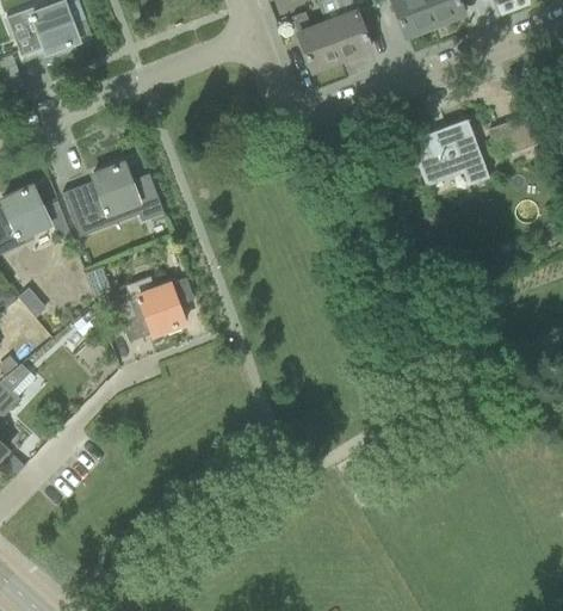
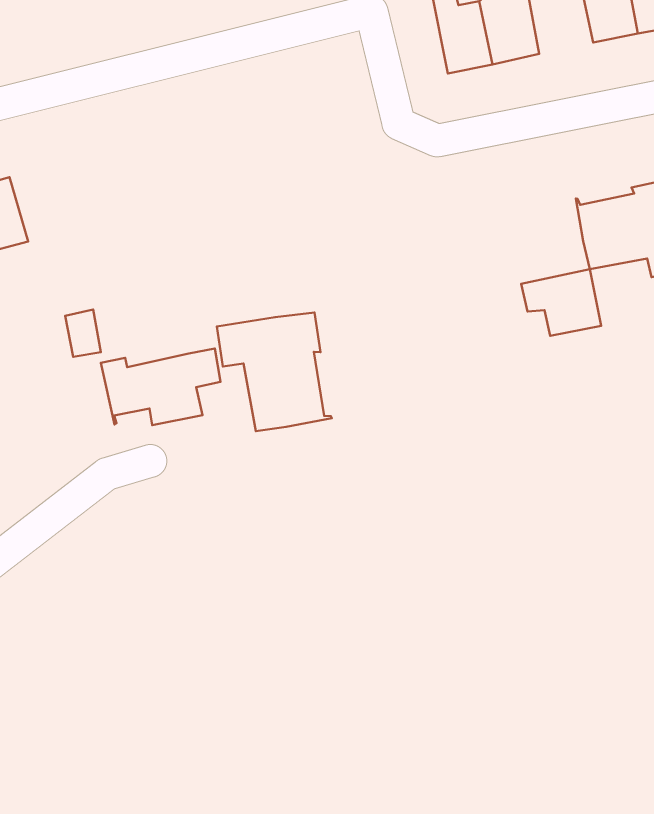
building: [63,162,166,235] -> none
building: none -> [521,269,601,336]
building: none -> [217,312,332,431]

